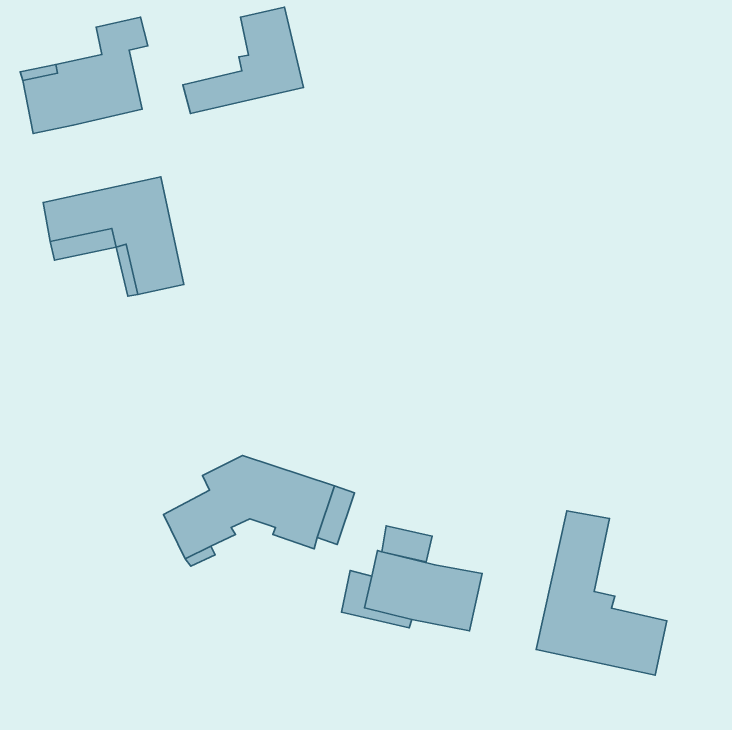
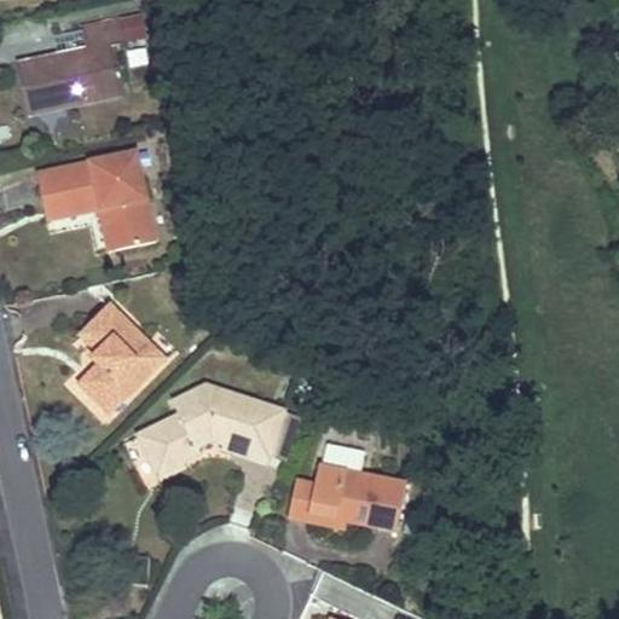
building: [183,7,303,114] -> none
building: none -> [80,302,163,410]
building: [536,511,667,675] -> none

